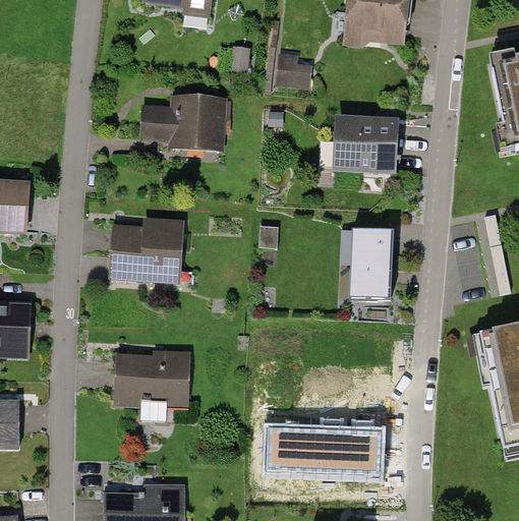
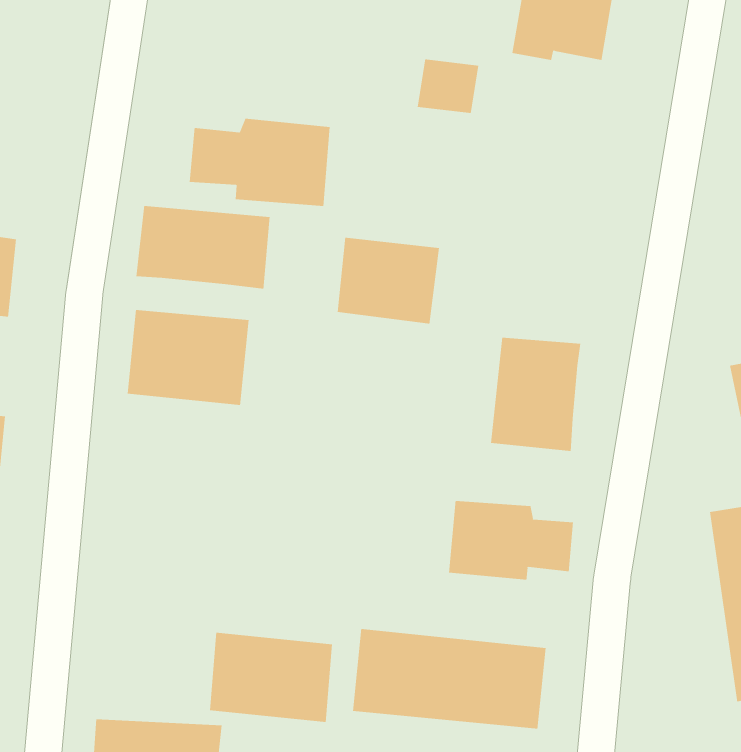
building: [328,119,392,172] -> [337,237,440,324]
building: none -> [136,205,270,290]
building: none -> [449,500,573,580]
building: [111,354,188,408] -> [209,632,333,722]

